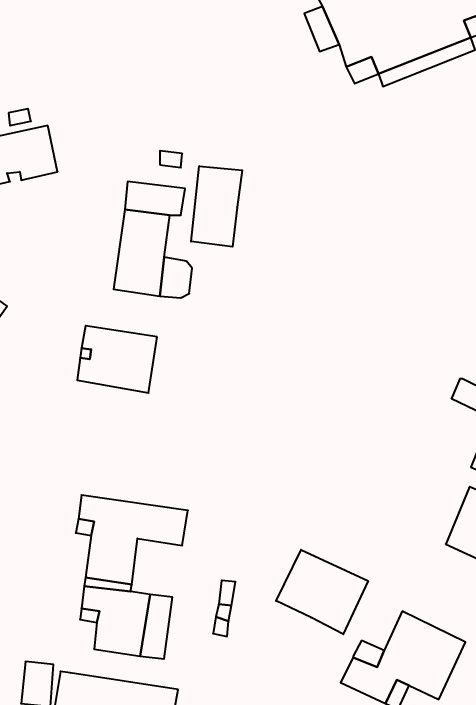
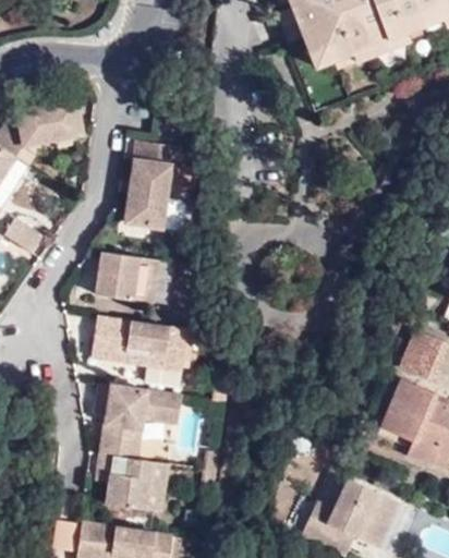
building: [191,166,242,247] -> none
building: none -> [93,319,189,372]
building: [276,550,368,634] -> none

